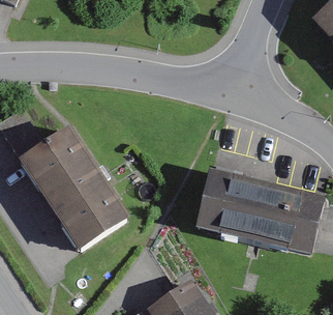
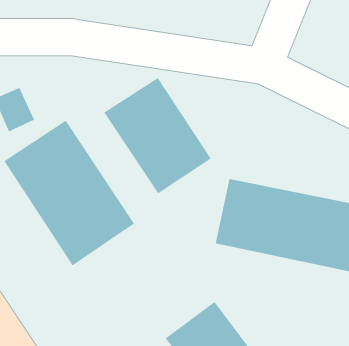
building: none -> [104,77,212,194]

